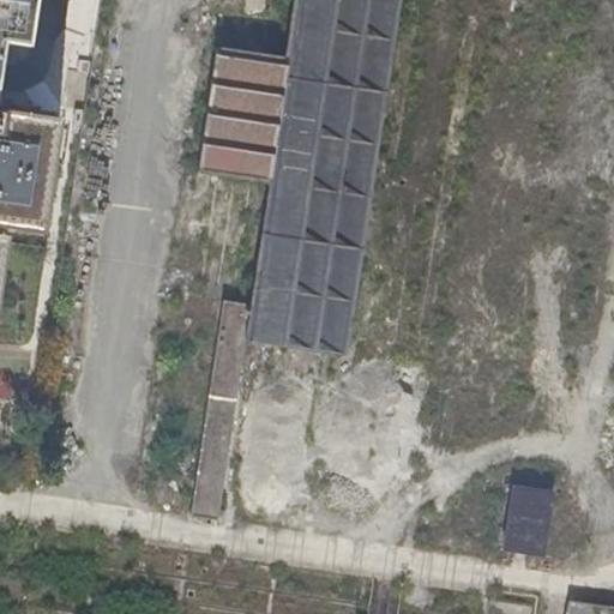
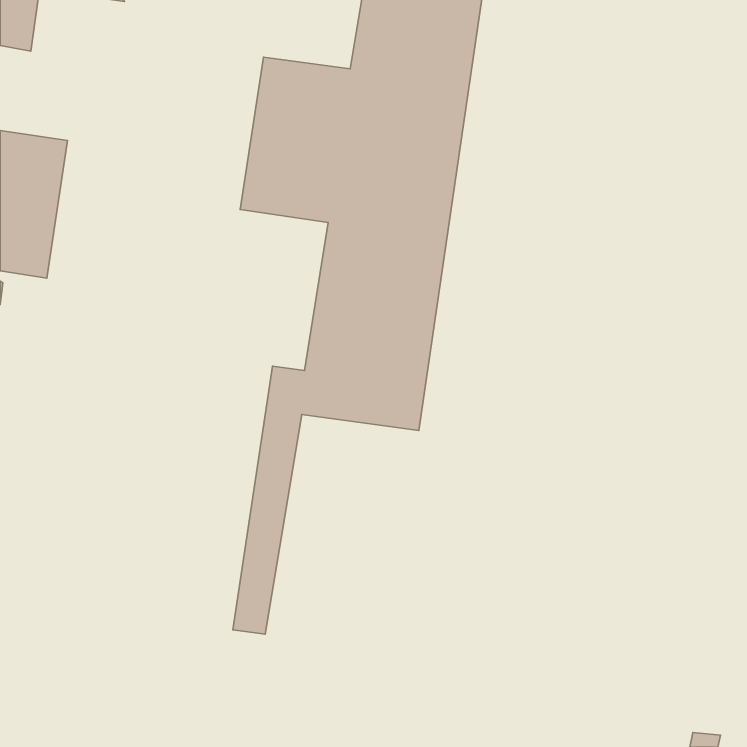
building: [507,486,554,552] -> none

